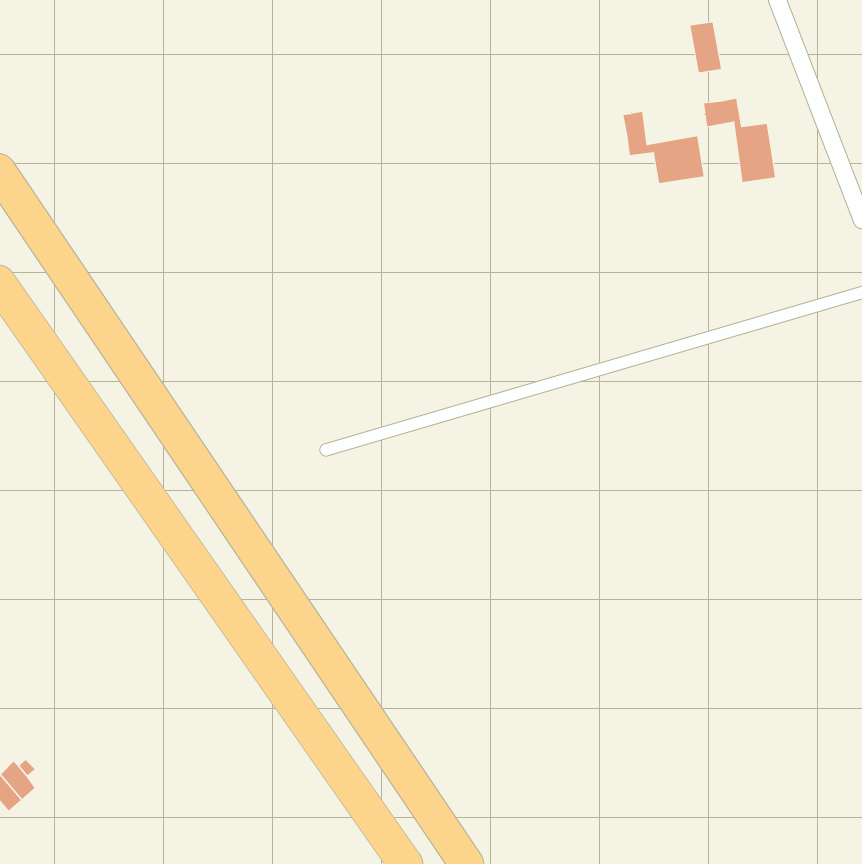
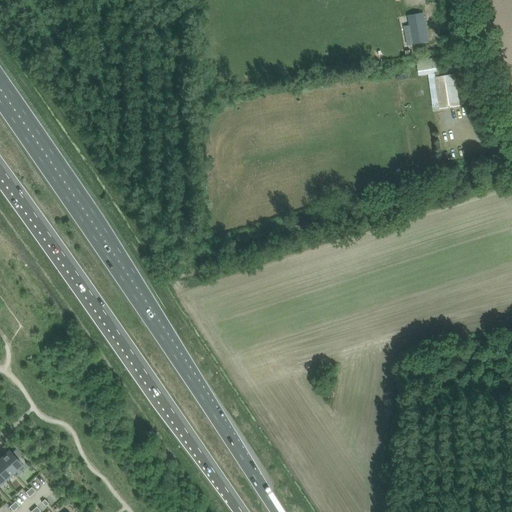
building: [623,111,704,184] -> none

